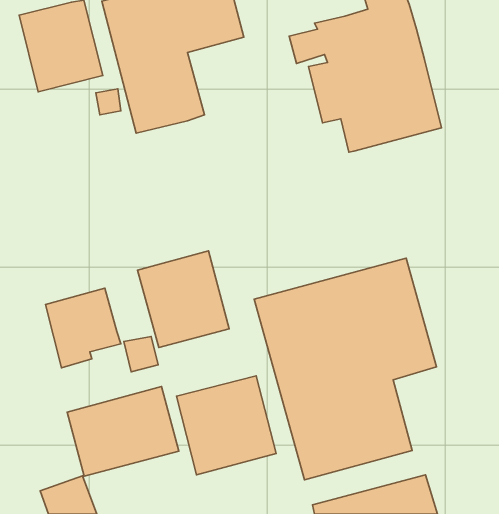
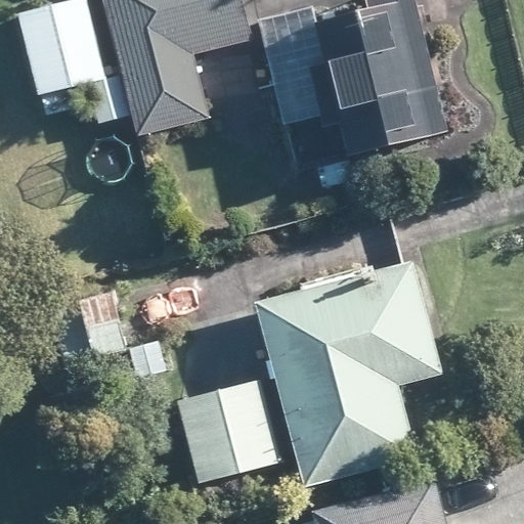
building: [138,251,229,347] -> none
building: [67,386,179,476] -> none

